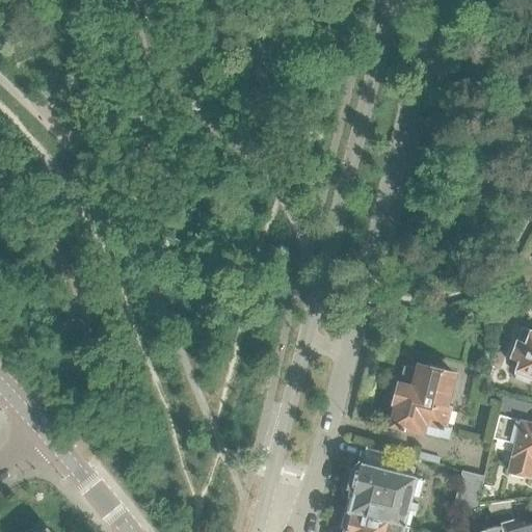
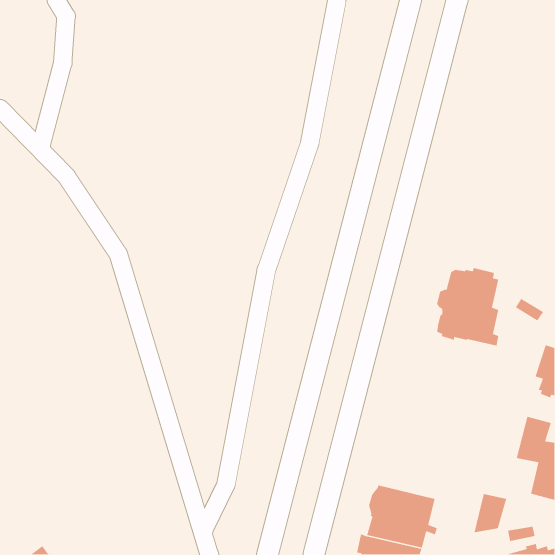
building: [391,364,451,440] -> [436,267,499,346]

